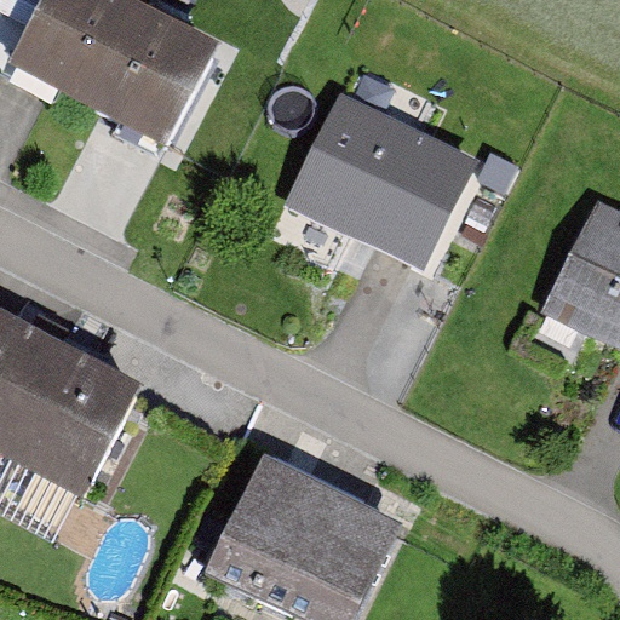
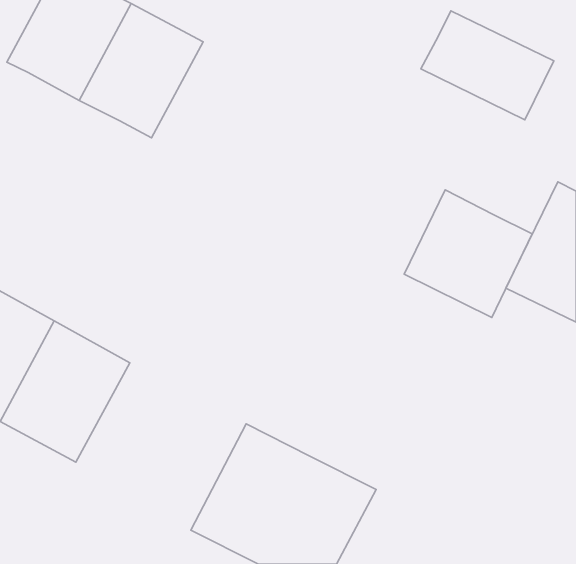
building: none -> [421,11,554,120]
building: [291,92,473,265] -> none
building: none -> [404,190,532,317]

